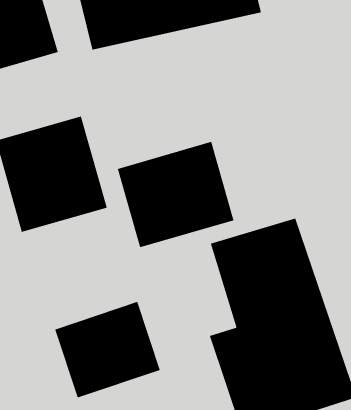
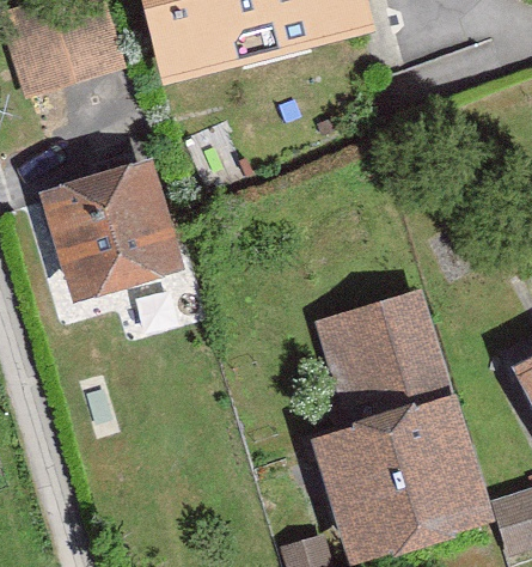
building: [117,141,234,248] -> none
building: [54,301,161,399] -> none

